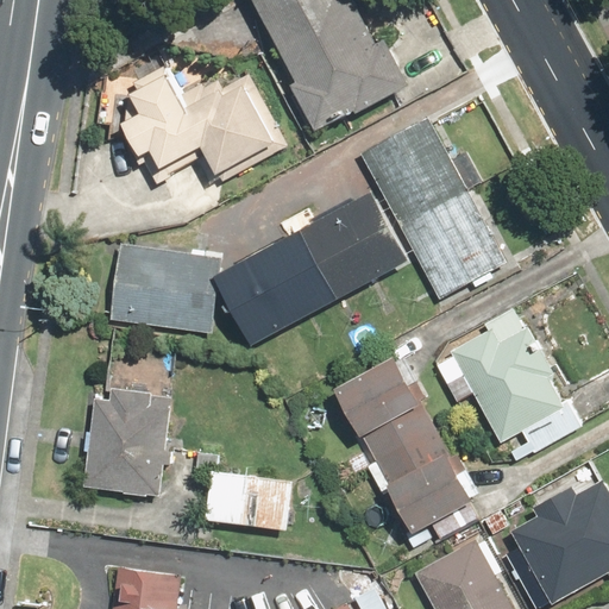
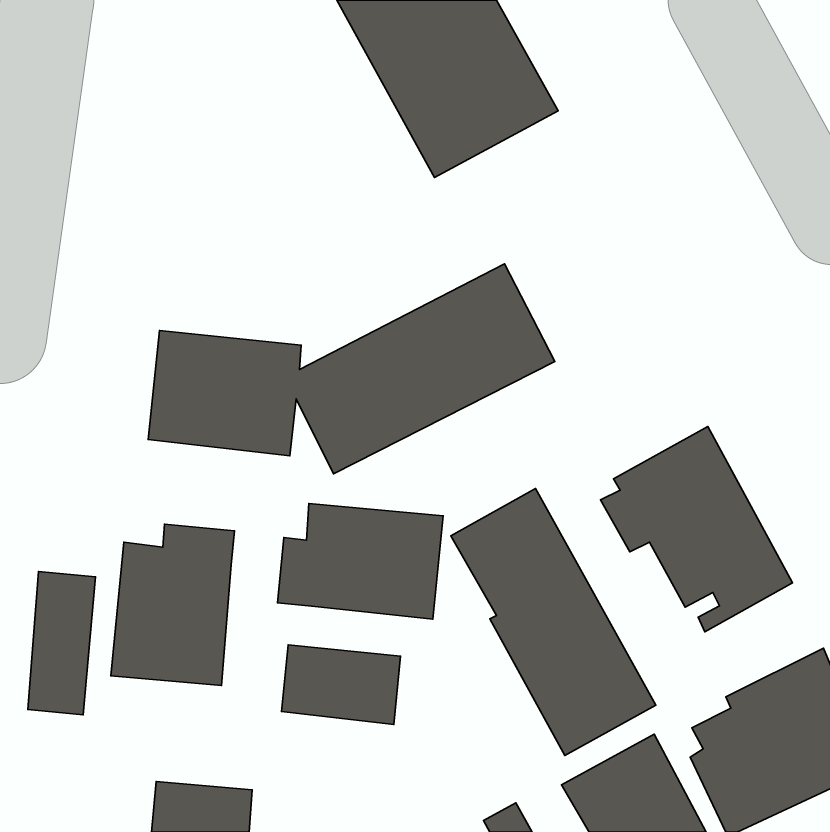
building: [119,59,290,187] -> none
building: [360,112,513,300] -> none
building: none -> [277,504,443,619]
building: none -> [28,571,95,715]

